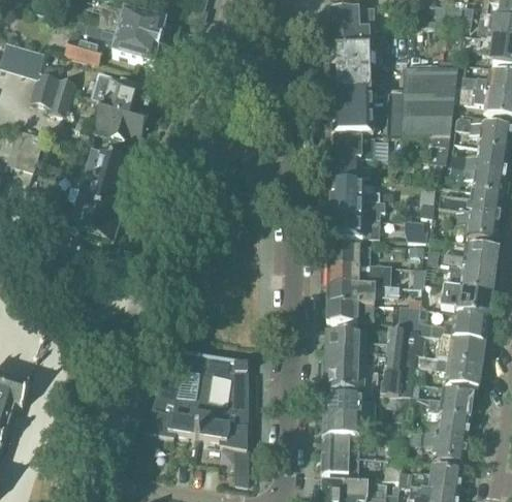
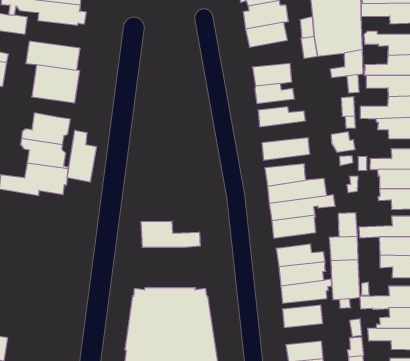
building: [331,113,373,132] -> none
building: none -> [67,130,97,182]
building: [329,199,388,218] -> none
building: none -> [141,221,200,248]
building: [322,415,364,436] -> none

